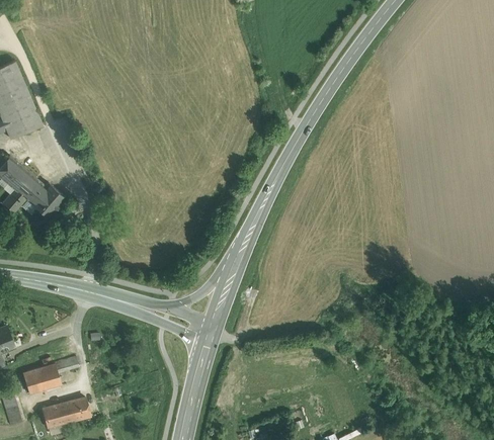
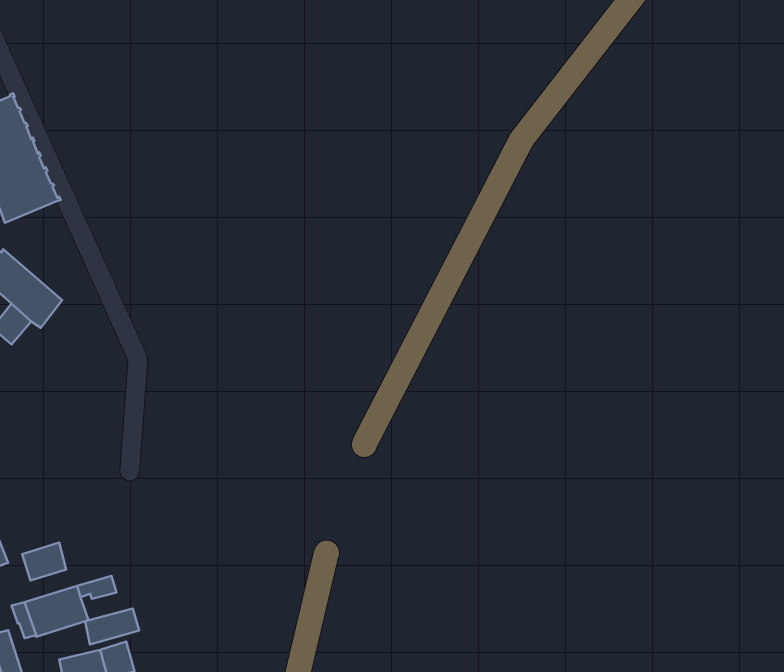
building: [32,184,66,218] -> none
building: none -> [22,543,66,580]
building: none -> [85,608,139,644]

